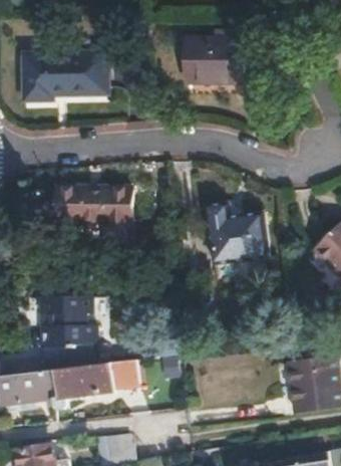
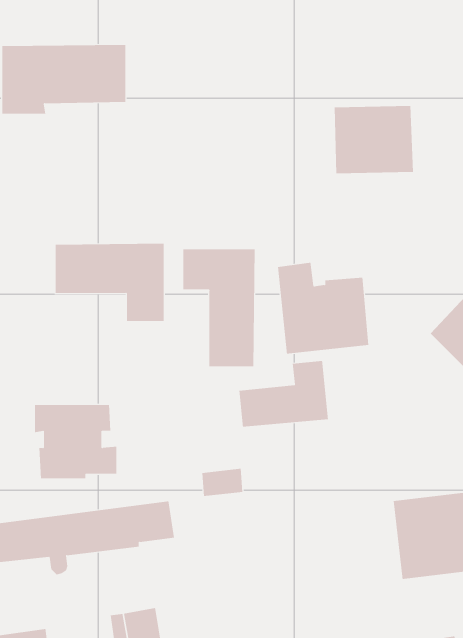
building: [186,35,240,81] -> [334,106,414,174]
building: none -> [183,248,255,367]
building: none -> [239,360,328,428]

